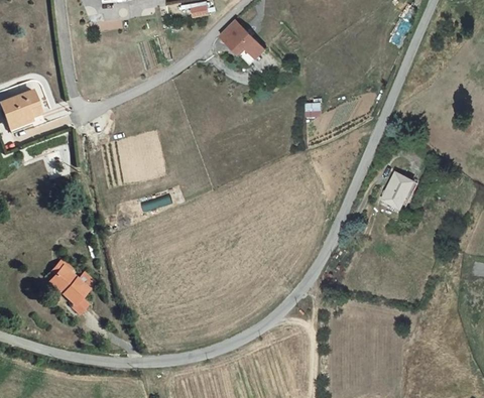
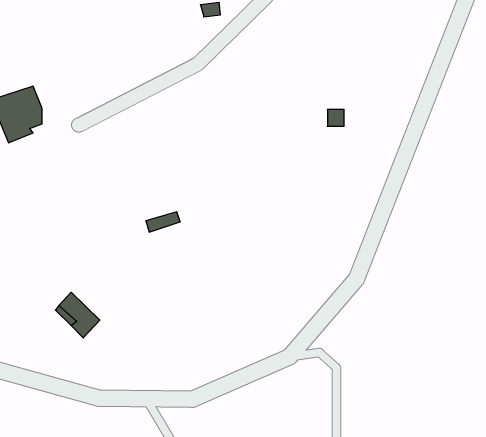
building: [216,19,262,58] -> none
building: [384,178,414,214] -> none

